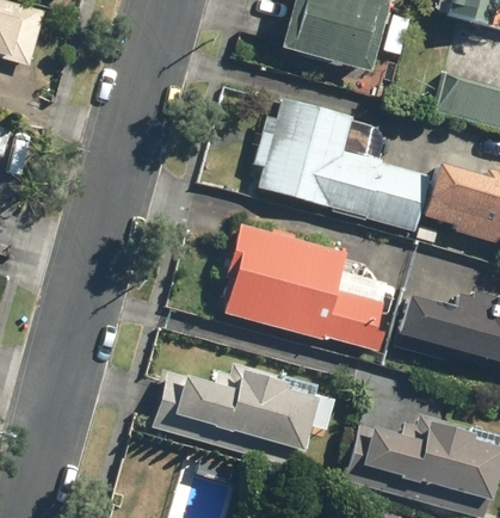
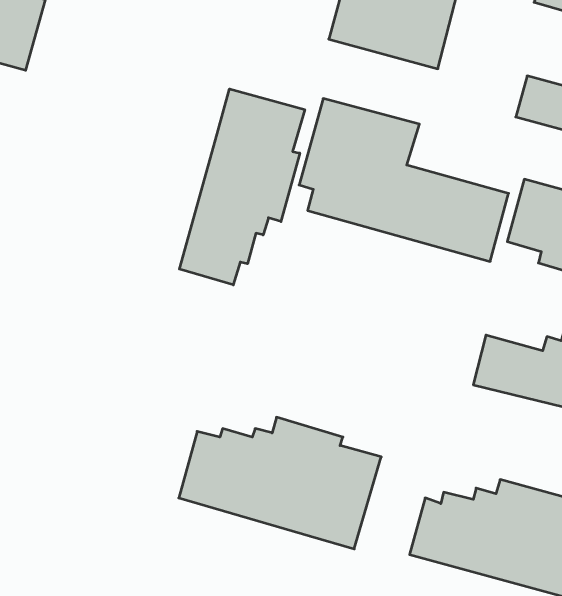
building: none -> [179,89,305,285]
building: [224,226,391,353] -> none

